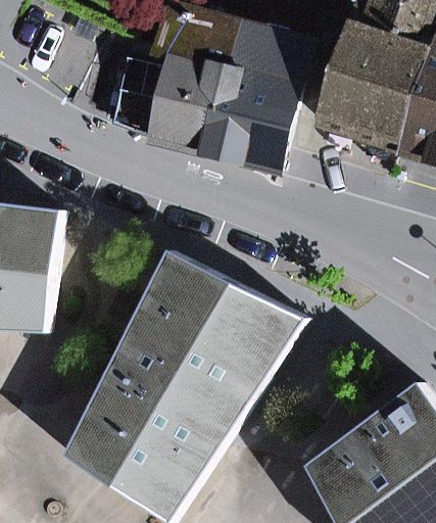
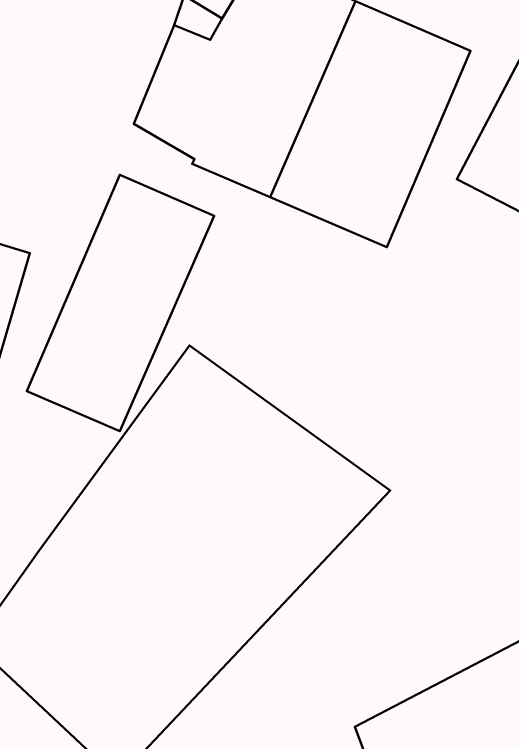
building: none -> [27,175,214,431]

